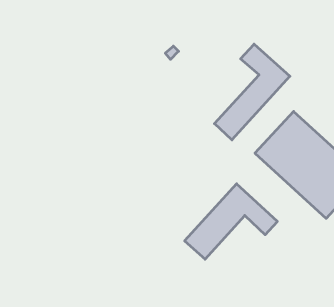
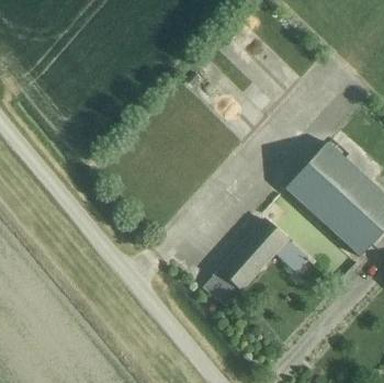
building: [214,44,290,140] -> none

